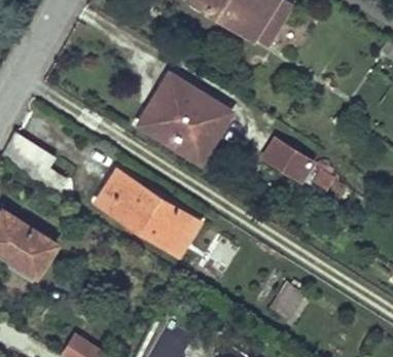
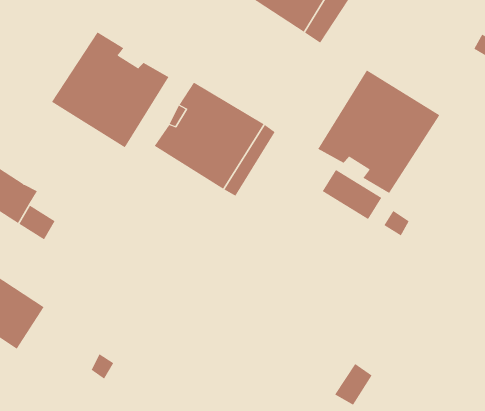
building: none -> [51,32,169,148]
building: none -> [318,69,440,194]
building: [96,171,198,255] -> none

